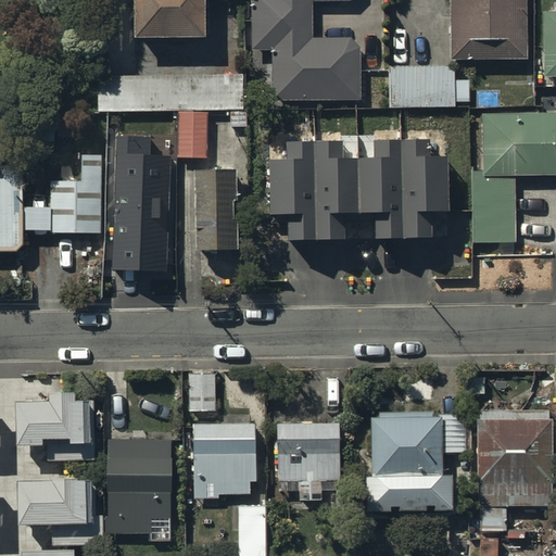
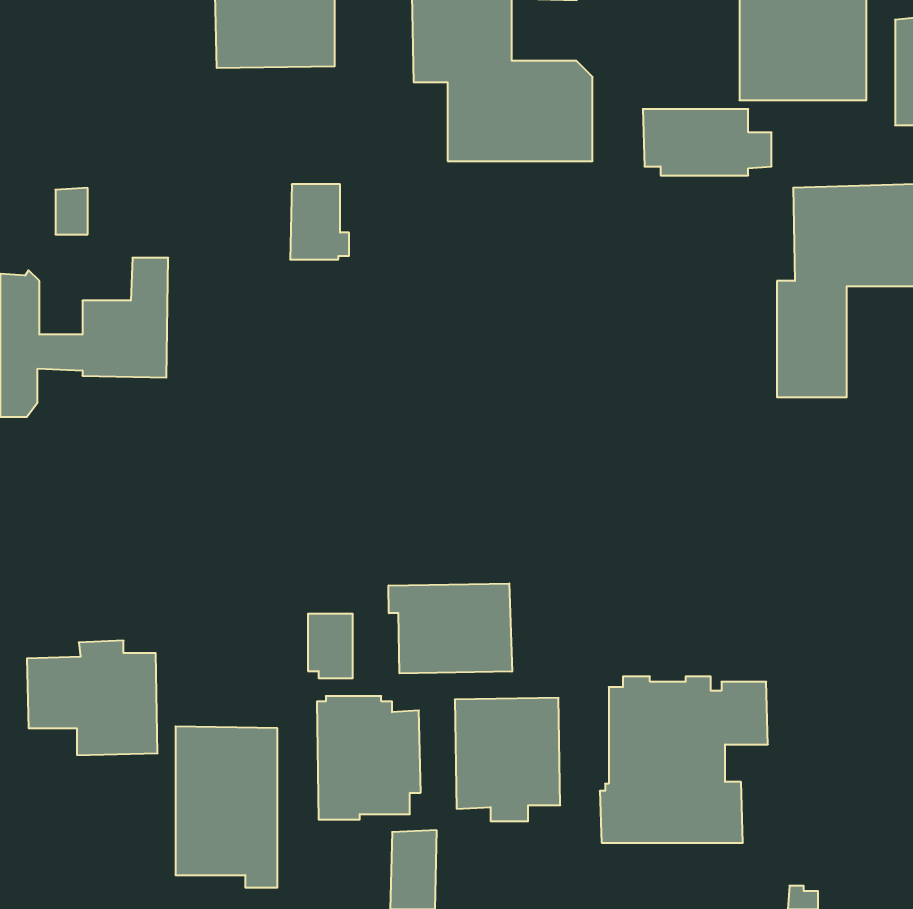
building: [112,131,172,267] -> none
building: [268,143,446,244] -> none
building: [193,162,236,252] -> none
building: none -> [389,583,512,673]
building: [477,409,551,530] -> none
building: [17,476,104,543] -> none

